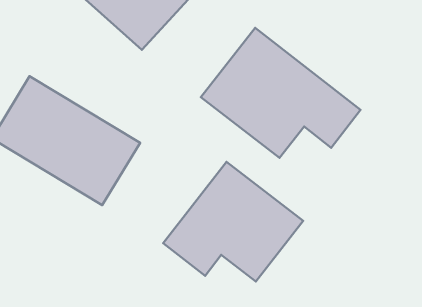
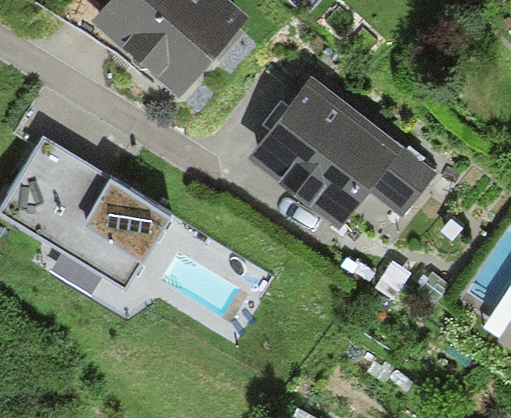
building: [163,162,303,281] -> none

